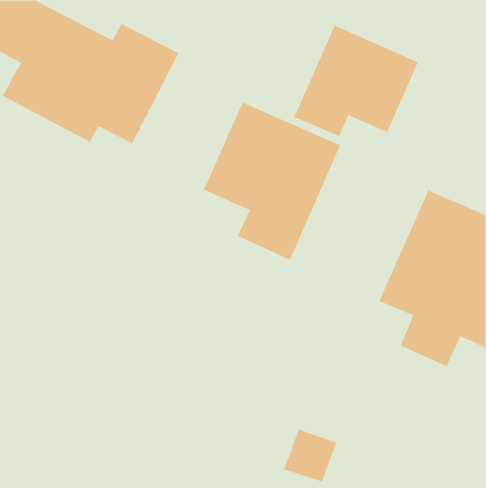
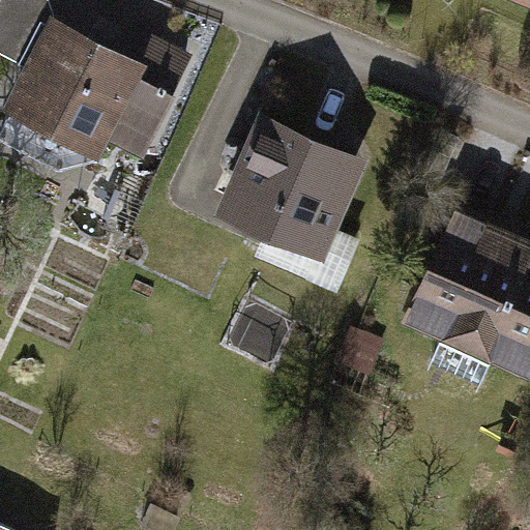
building: [294,25,419,137] -> none

